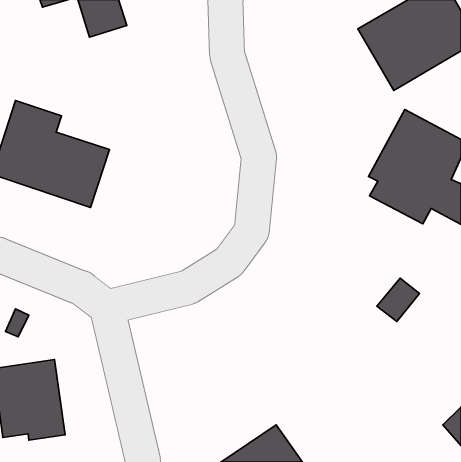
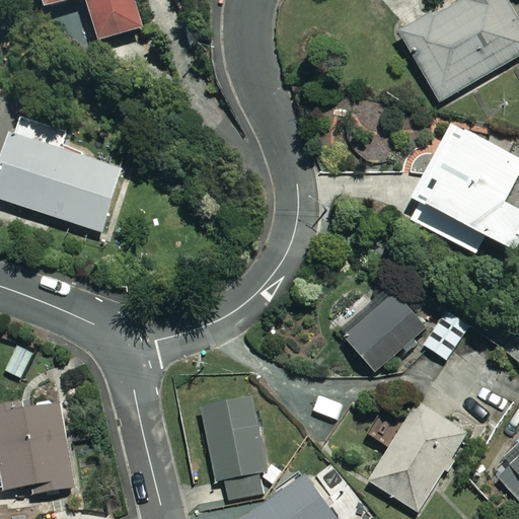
building: none -> [340,286,426,371]
building: none -> [201,397,270,500]
building: none -> [369,404,465,510]

